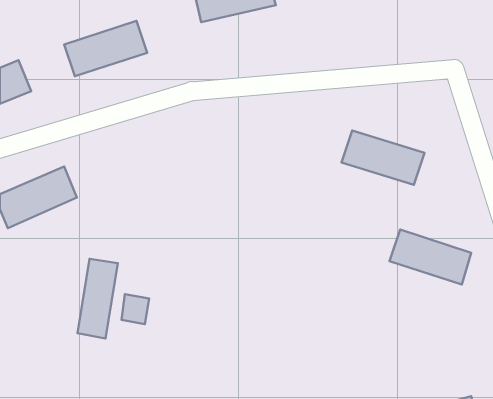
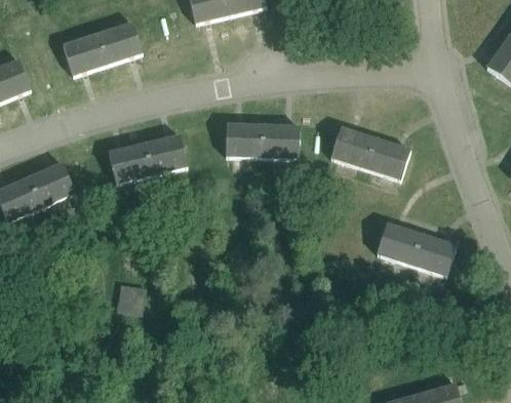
building: none -> [226,124,300,158]
building: none -> [109,134,187,183]
building: [77,259,118,339] -> none

